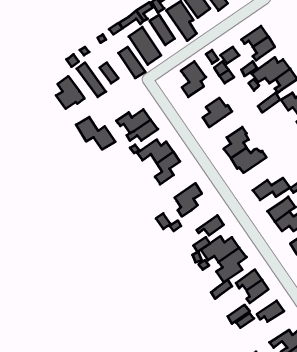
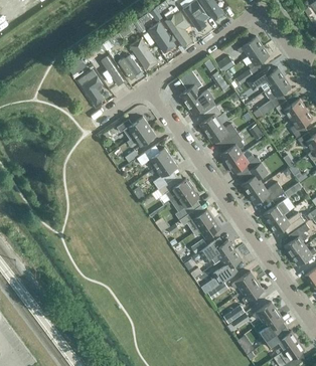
building: [56,76,84,109] -> none
building: none -> [185,90,215,116]
building: none -> [205,124,238,144]
building: [76,117,115,149] -> none
building: none -> [239,163,268,195]
building: none -> [158,179,192,202]
building: none -> [179,209,213,233]
building: none -> [258,312,284,342]

